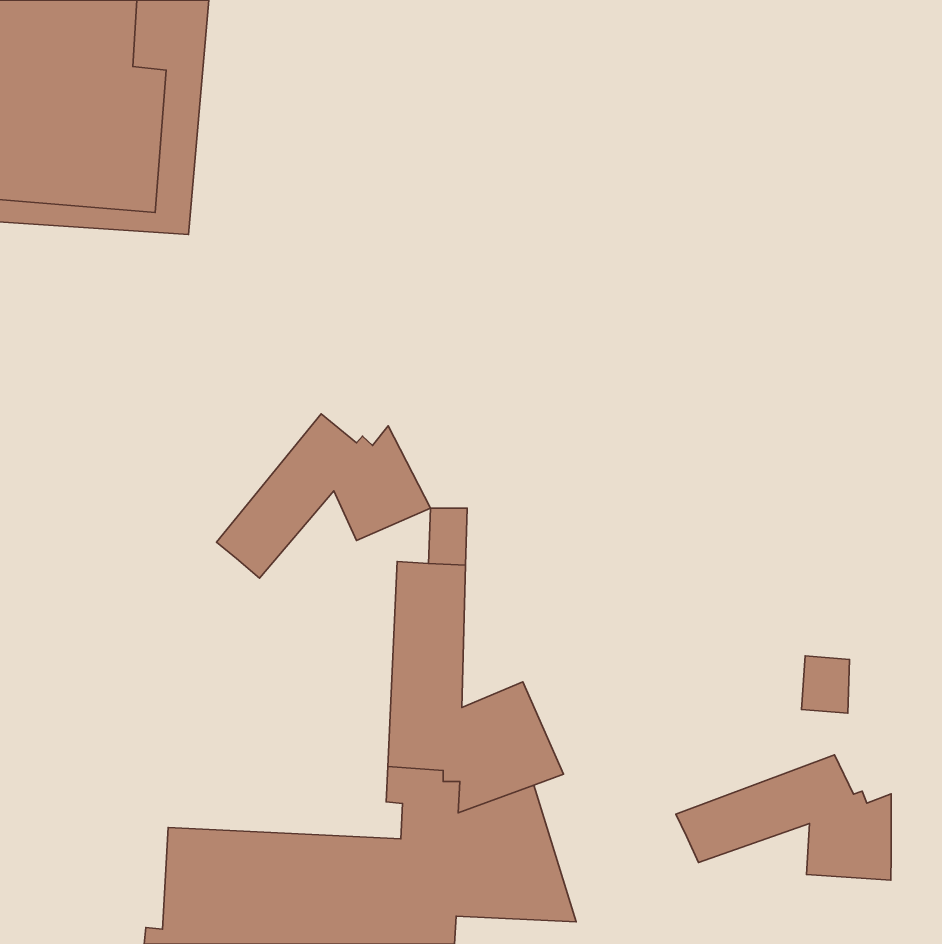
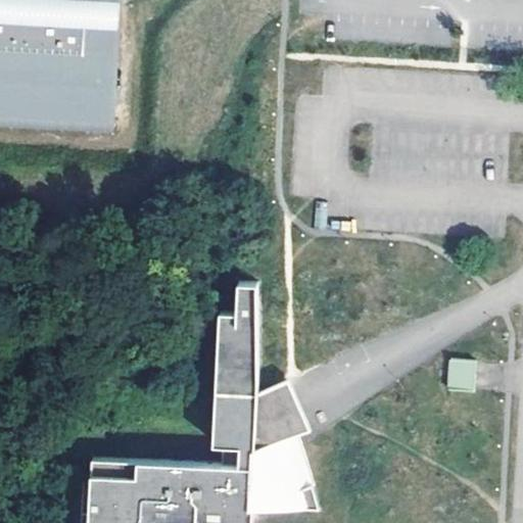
building: [217,414,430,578] -> none
building: [676,755,891,880] -> none

